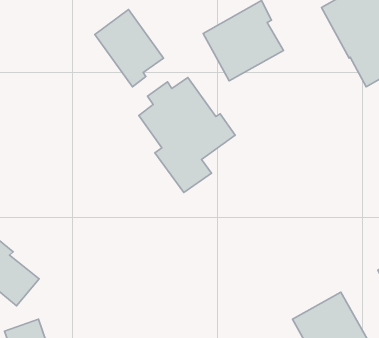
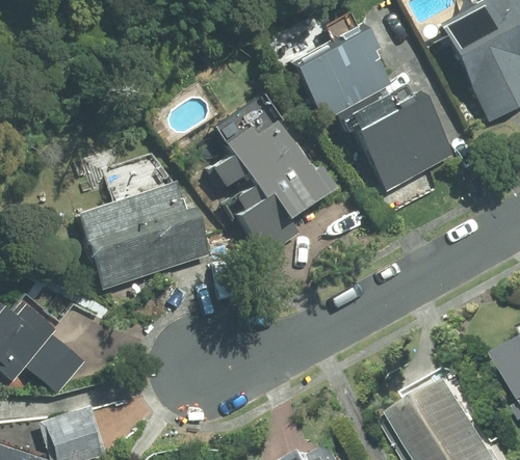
building: [95,10,164,87] -> none
building: none -> [348,86,452,190]
building: none -> [76,177,209,288]

